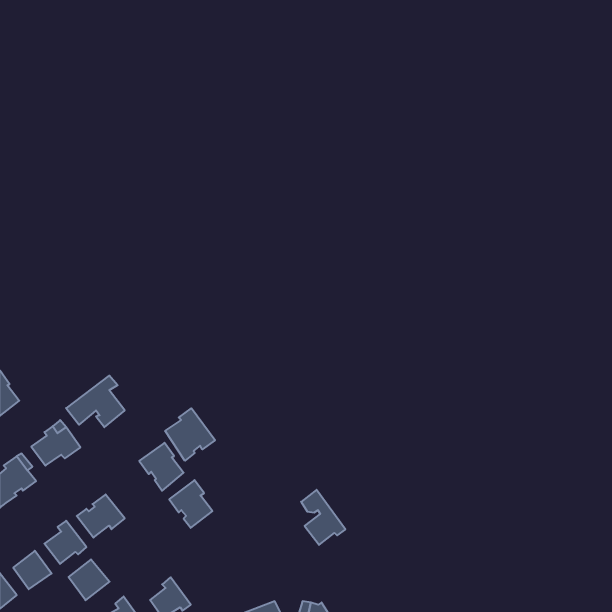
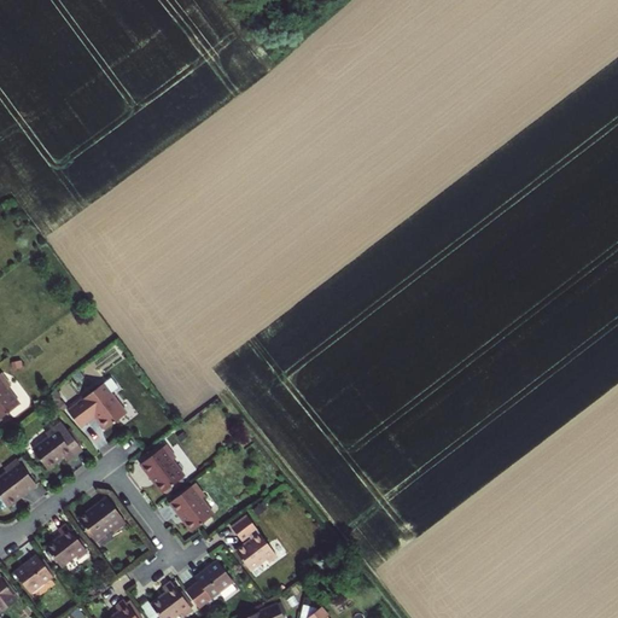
building: [165,408,215,461] -> none
building: [301,490,345,545] -> [232,517,276,572]
building: none -> [186,561,234,610]
building: [69,559,110,600] -> none

